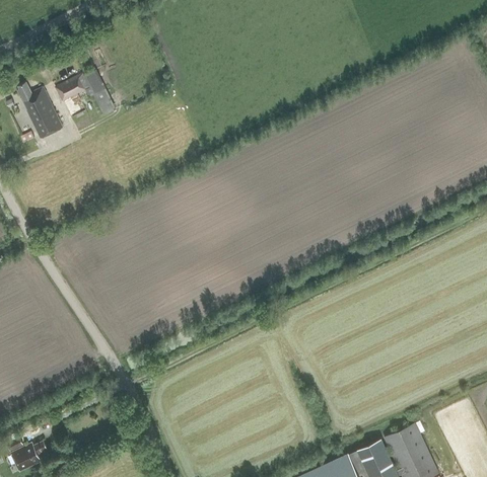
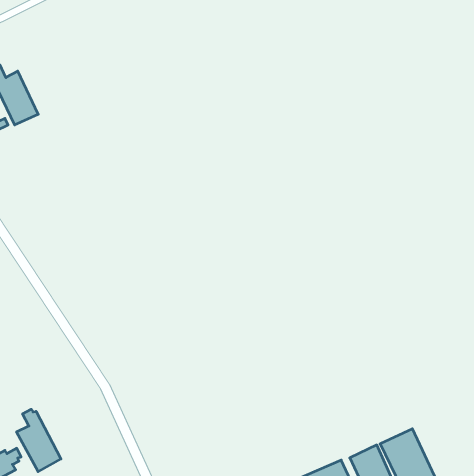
building: [56,69,116,115] -> none
building: none -> [17,409,61,472]

